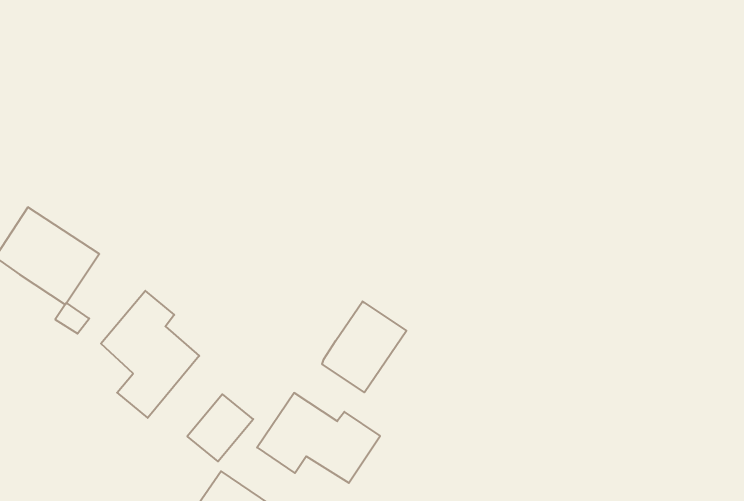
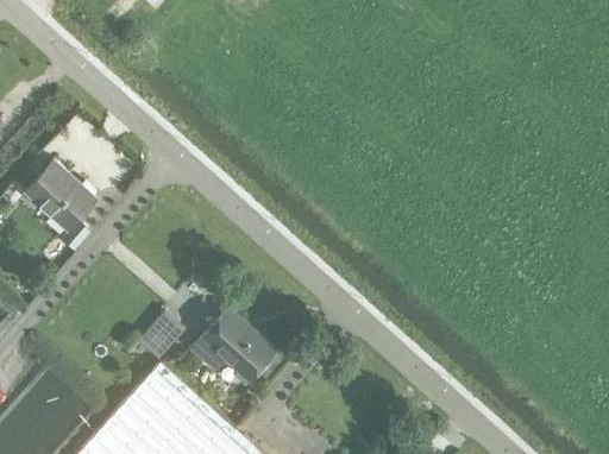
building: [101,291,199,418] -> none
building: [322,301,406,392] -> none

